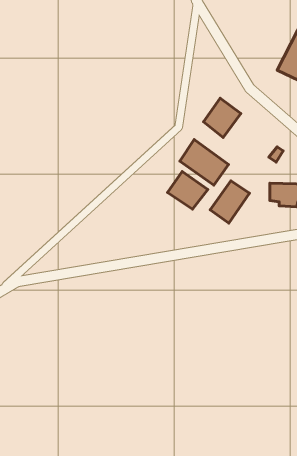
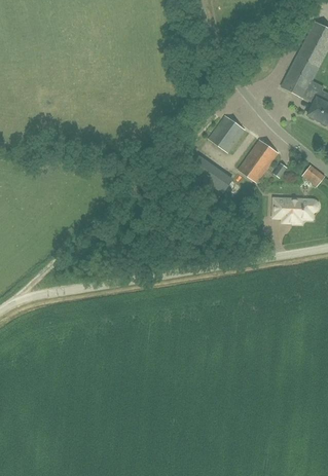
building: [167,172,208,209] -> none
building: [210,181,249,223] -> [239,140,278,182]

